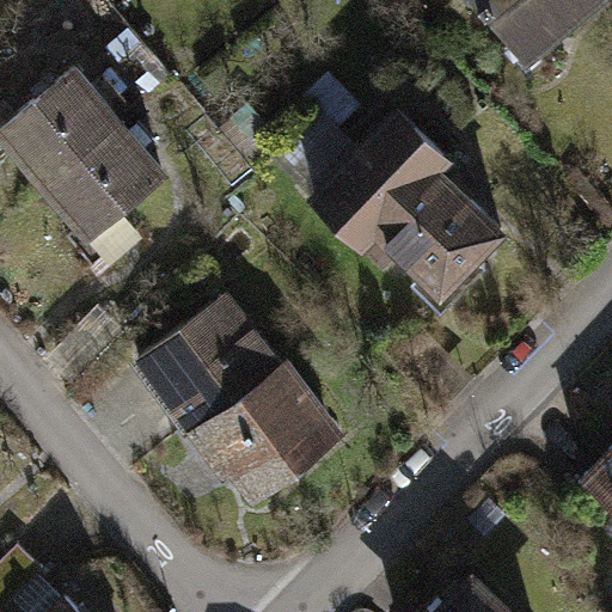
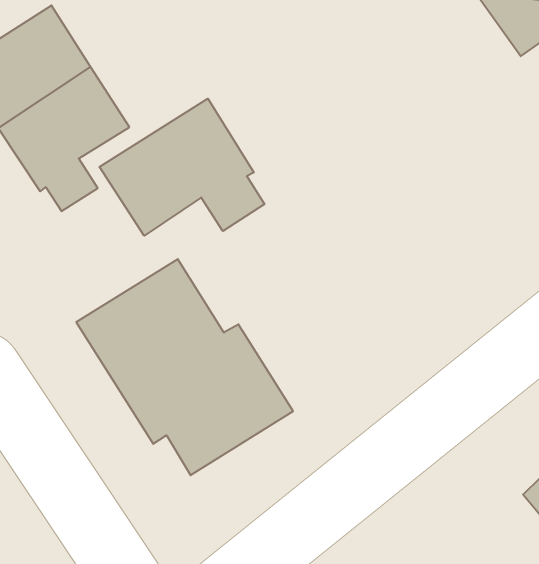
building: [307,109,506,298] -> none
building: none -> [100,99,264,236]

